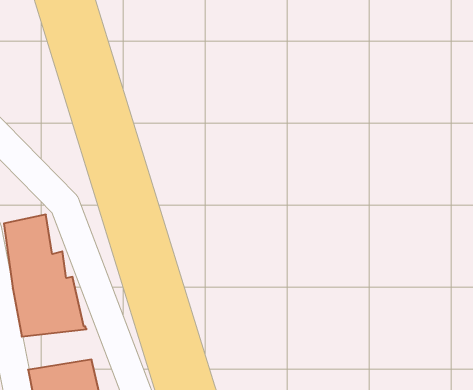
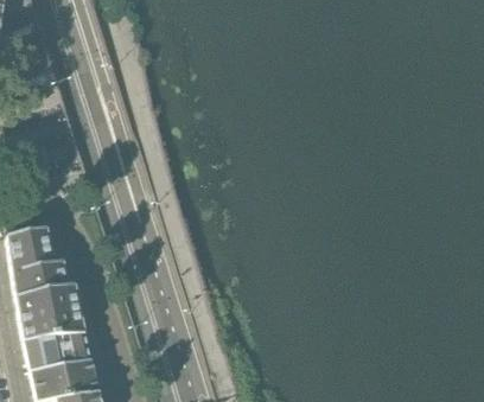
building: none -> [25,332,90,370]

